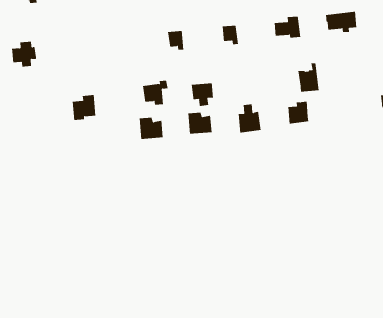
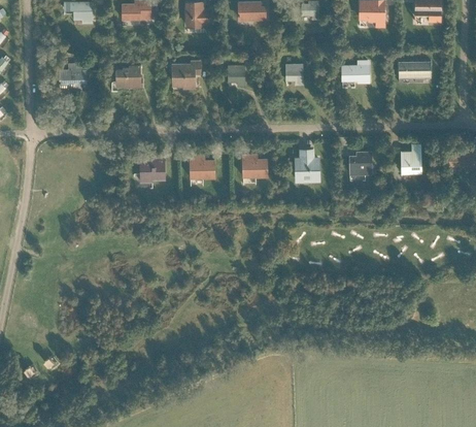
building: none -> [115,66,142,88]
building: [298,63,319,92] -> [400,144,421,174]
building: [142,80,168,105] -> [172,62,200,88]
building: [191,82,213,107] -> none
building: [72,95,96,121] -> [140,157,165,183]

